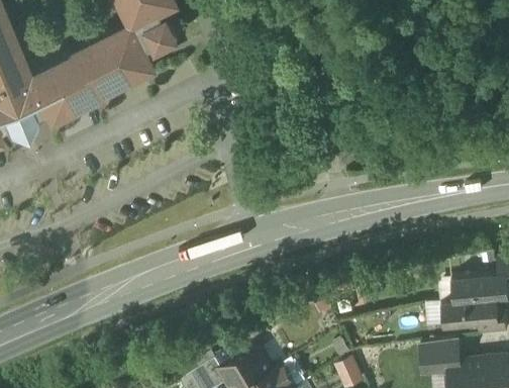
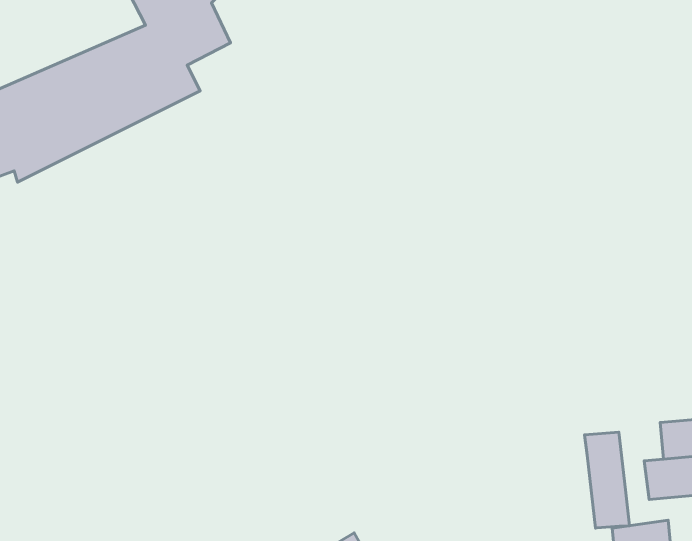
building: none -> [585,432,630,528]

